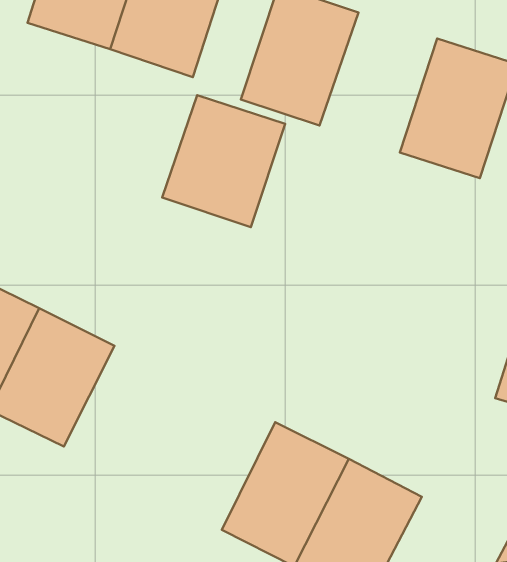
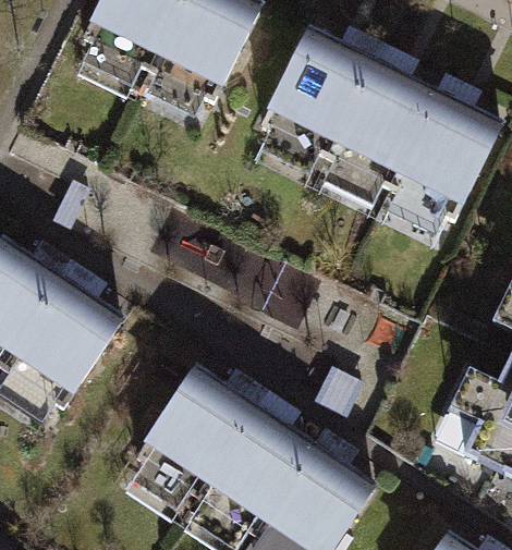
building: none -> [330,52,442,179]
building: [162,95,285,227] -> none
building: none -> [138,358,257,486]

